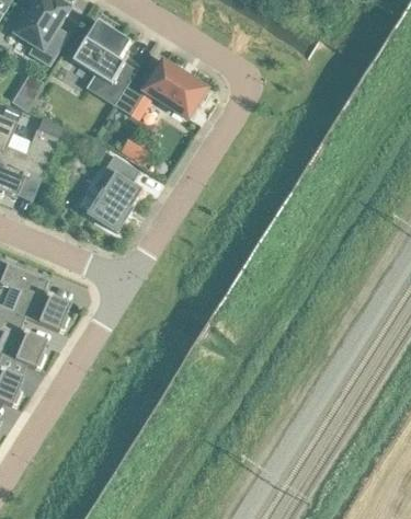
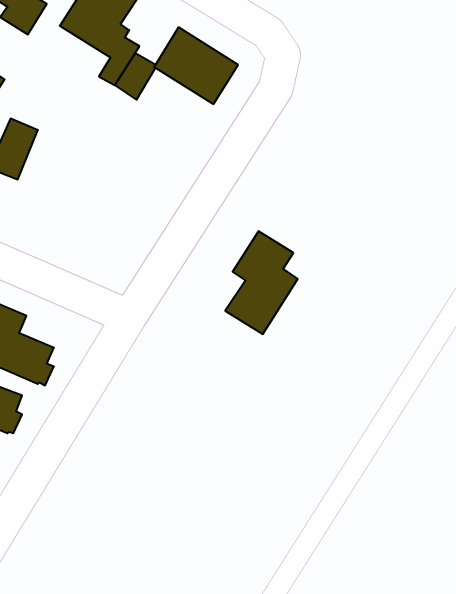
building: [88,152,142,230] -> [225,231,298,334]

